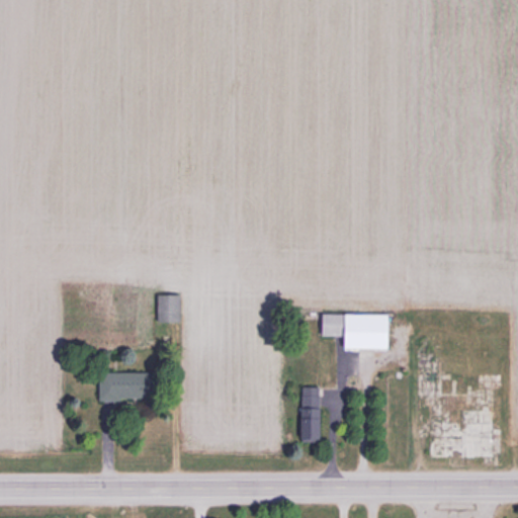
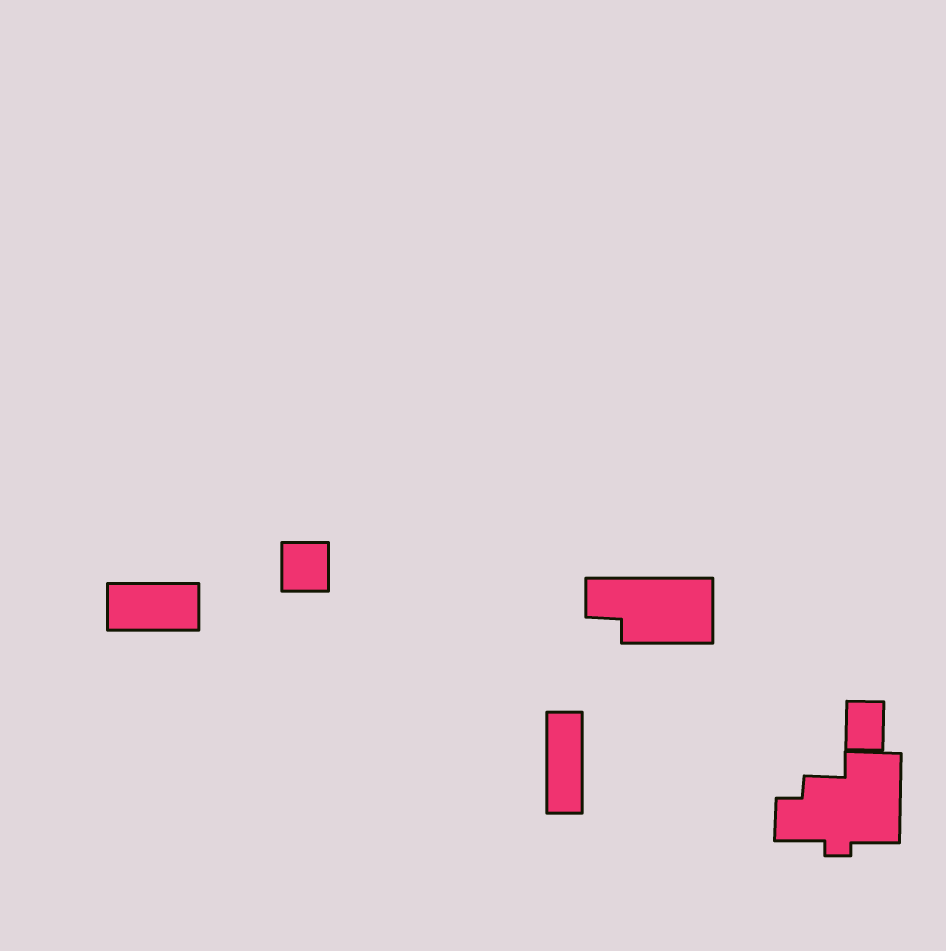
building: [99,373,149,399] -> [107,583,199,630]
building: none -> [846,701,884,750]

